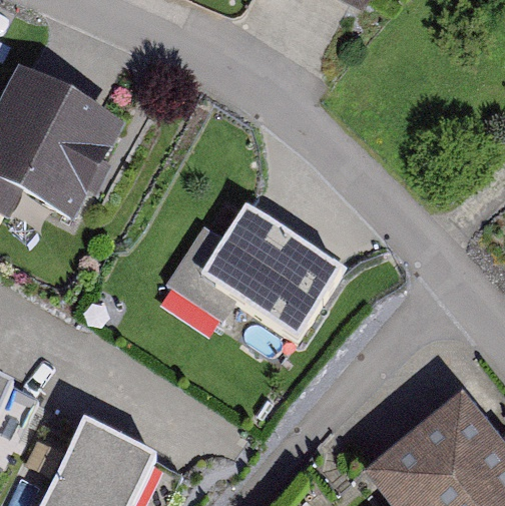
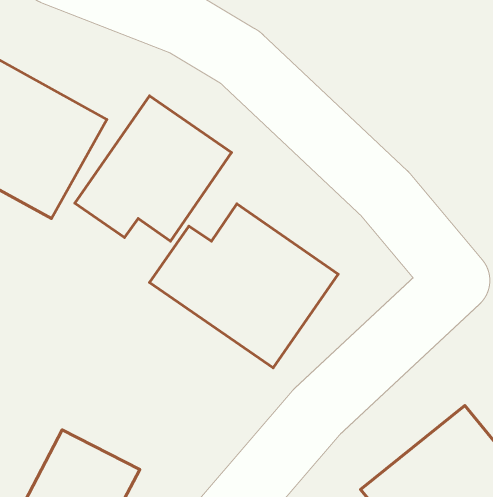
building: none -> [75,96,232,241]

